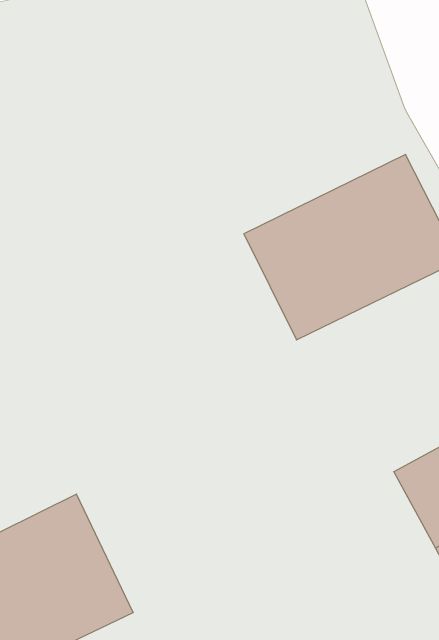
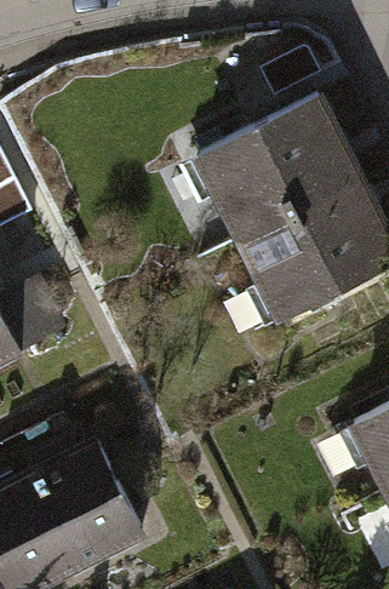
building: none -> [191,90,361,234]

